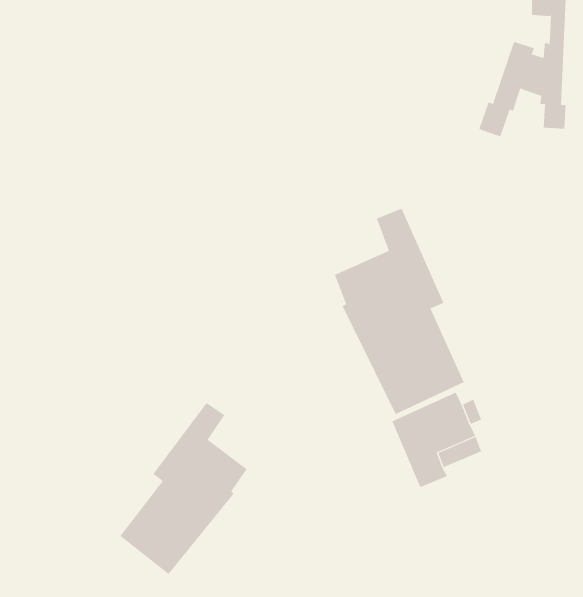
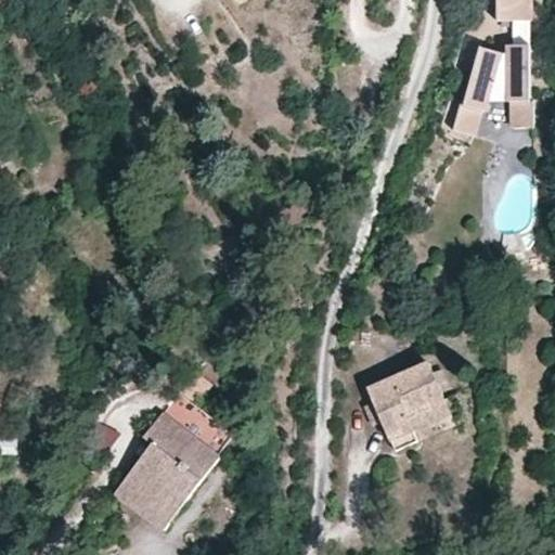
building: [334,208,465,415] -> none

